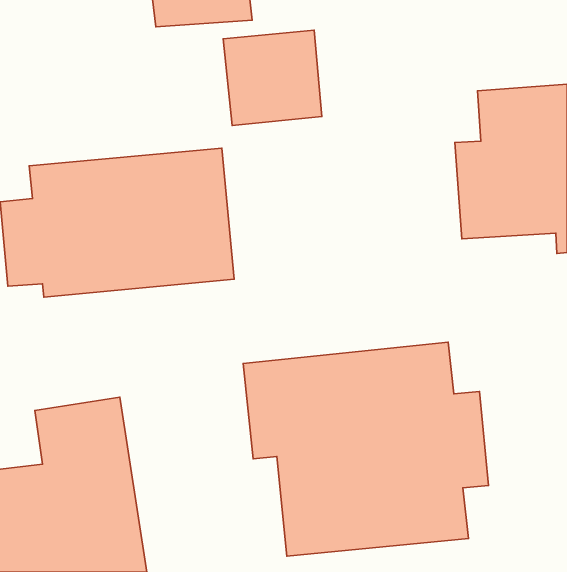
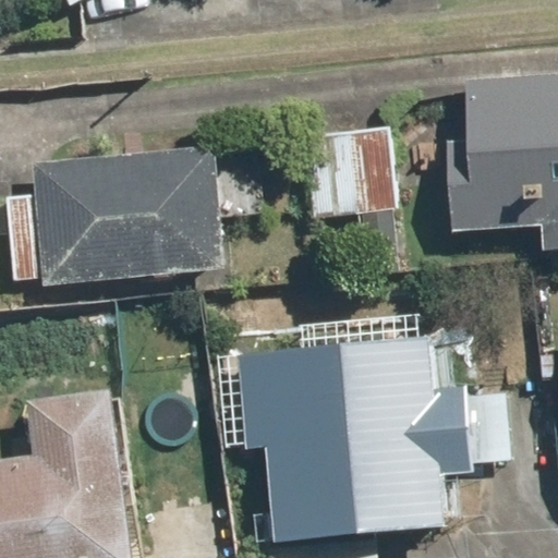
building: [223,30,322,125] -> [299,124,395,217]

